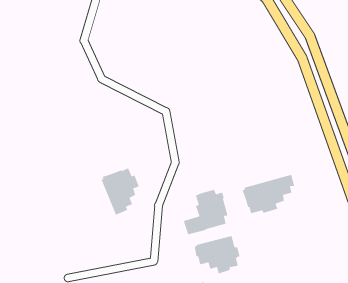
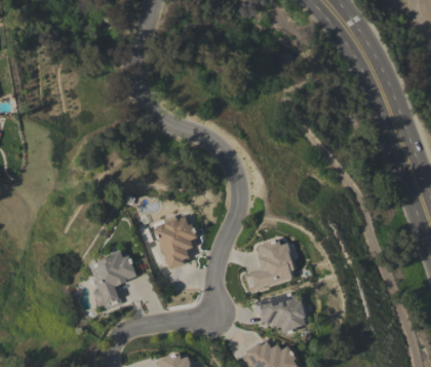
building: [241,174,295,214] -> none
building: none -> [89,251,136,309]

